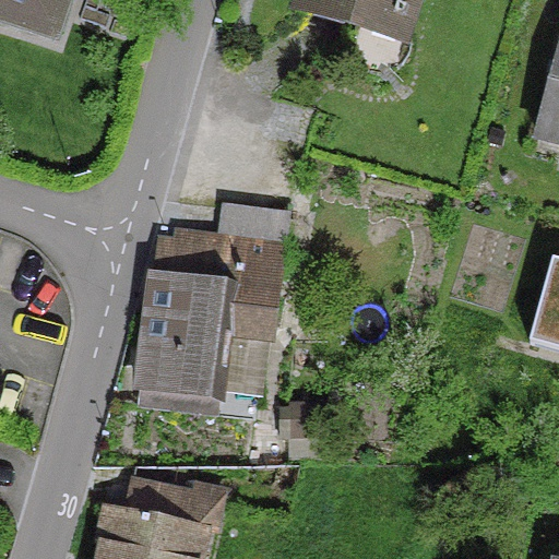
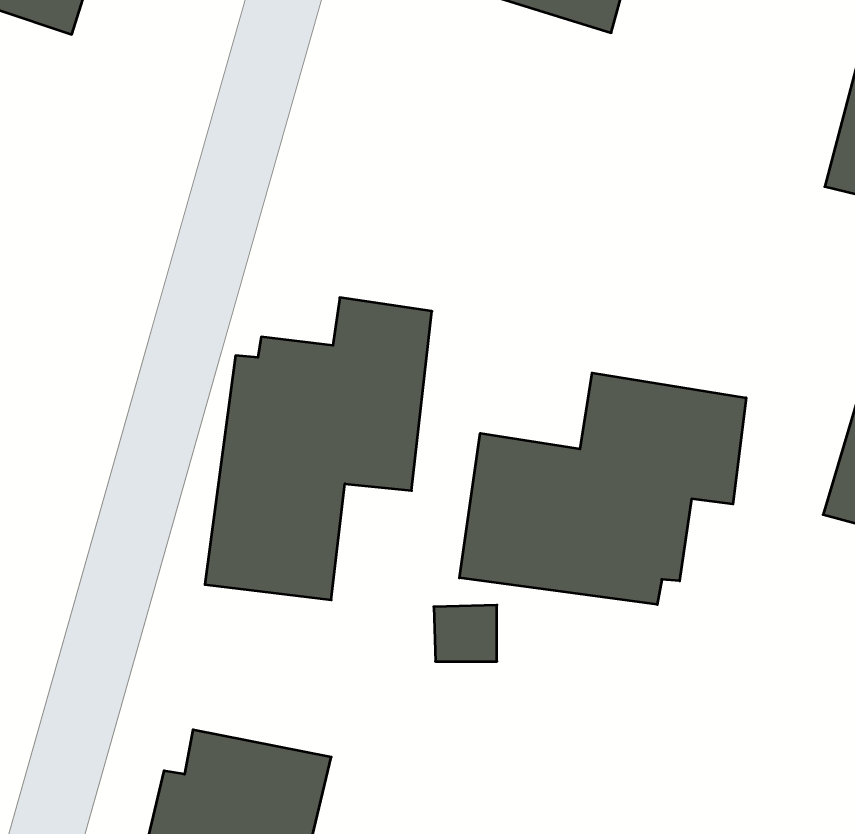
building: none -> [459,373,746,605]

